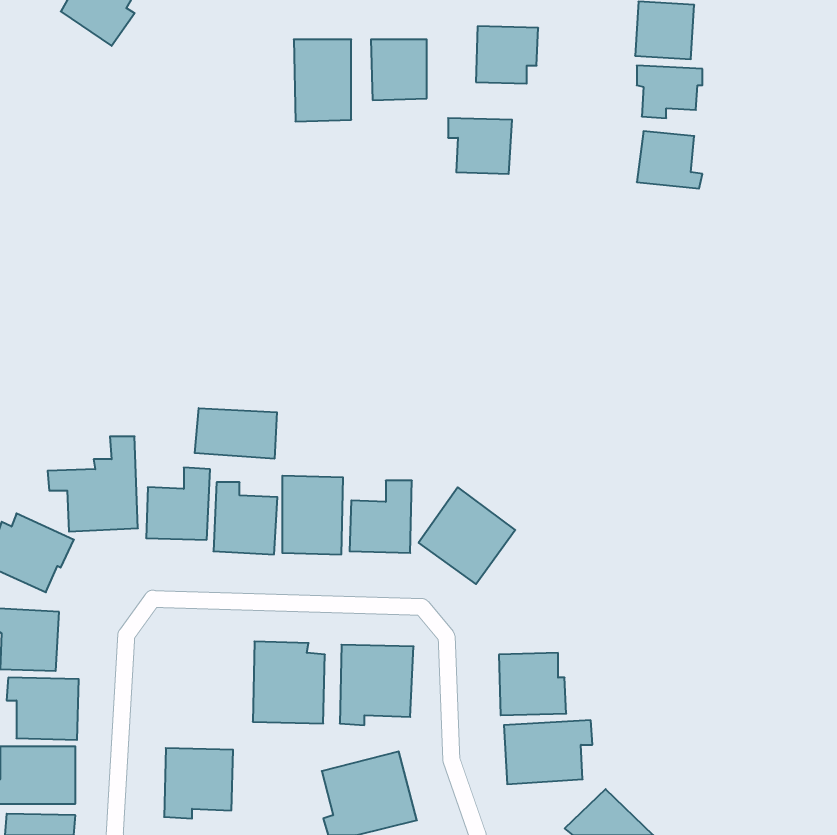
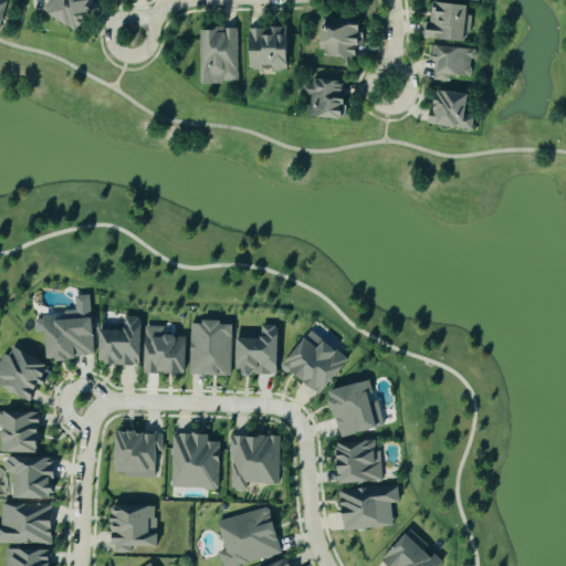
building: [195,408,277,459] -> none
building: none -> [327,380,378,437]
building: none -> [115,431,158,476]

